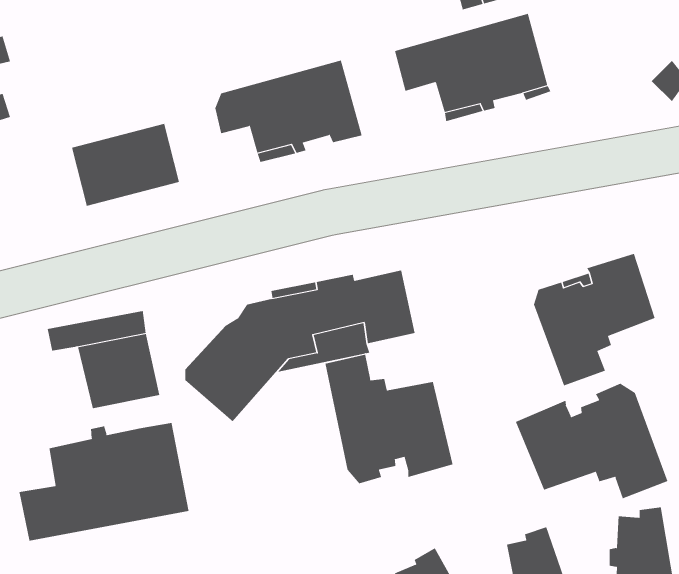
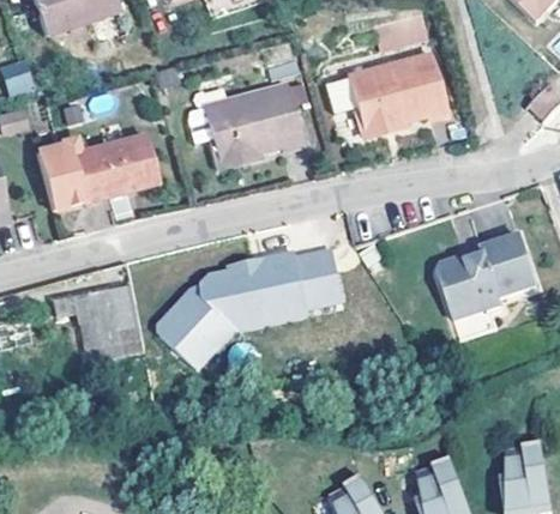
building: none -> [32,140,84,208]
building: [325,354,453,484] -> none
building: [515,383,668,499] -> none
building: [19,422,189,541] -> none

